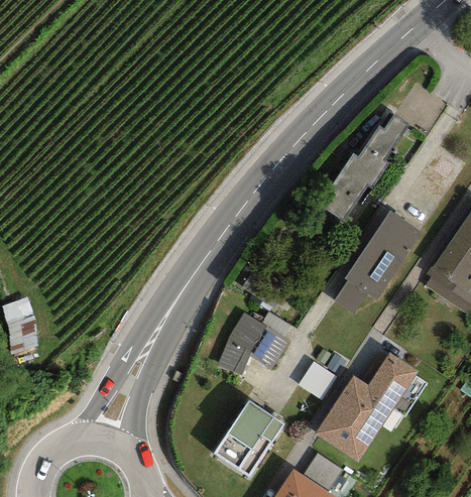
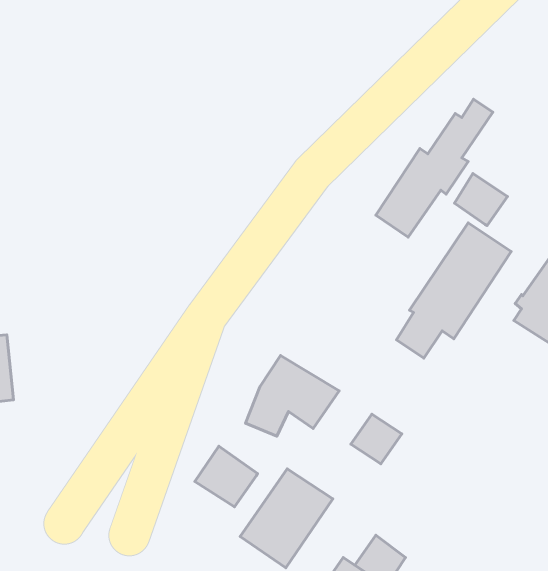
building: none -> [454,173,508,226]
building: [315,352,419,463] -> none
building: none -> [195,446,257,507]

